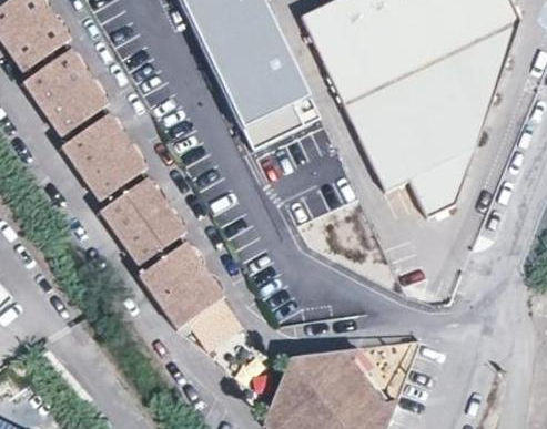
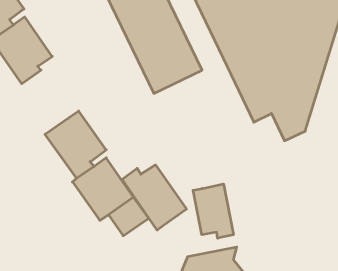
building: [61,108,145,202] -> none
building: none -> [122,165,186,230]
building: none -> [193,184,233,238]

